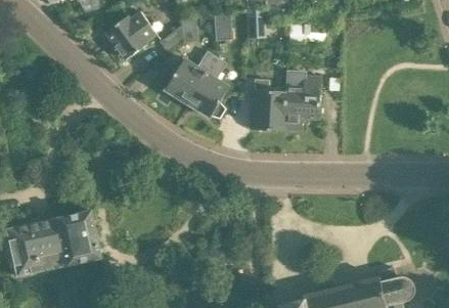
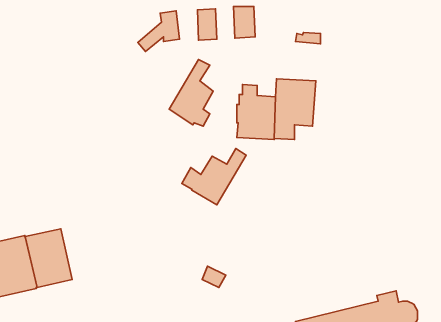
building: [105,11,156,59] -> none
building: [156,51,215,102] -> [182,148,246,205]

